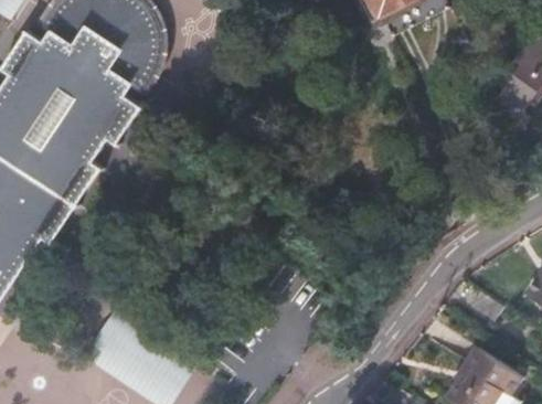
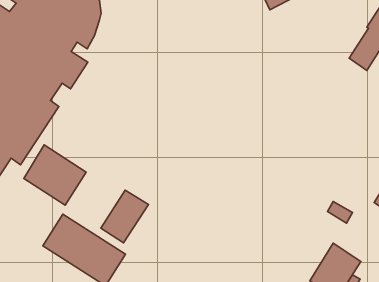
building: none -> [24,145,86,205]
building: none -> [101,190,148,243]

